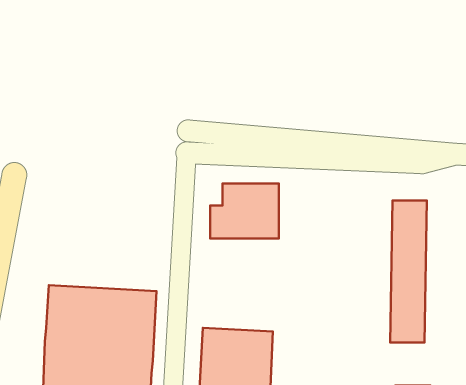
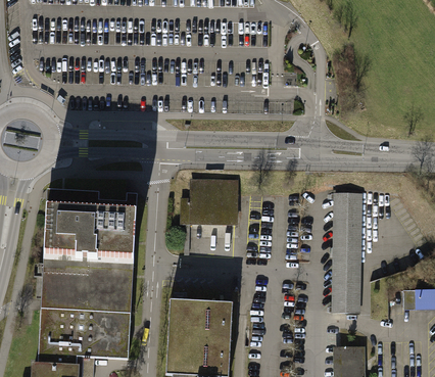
building: none -> [44,194,138,269]

